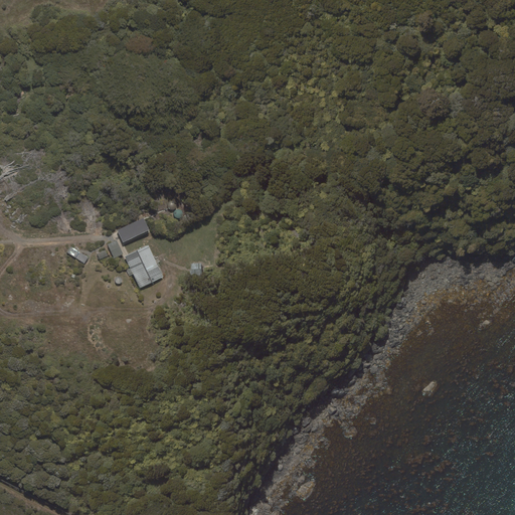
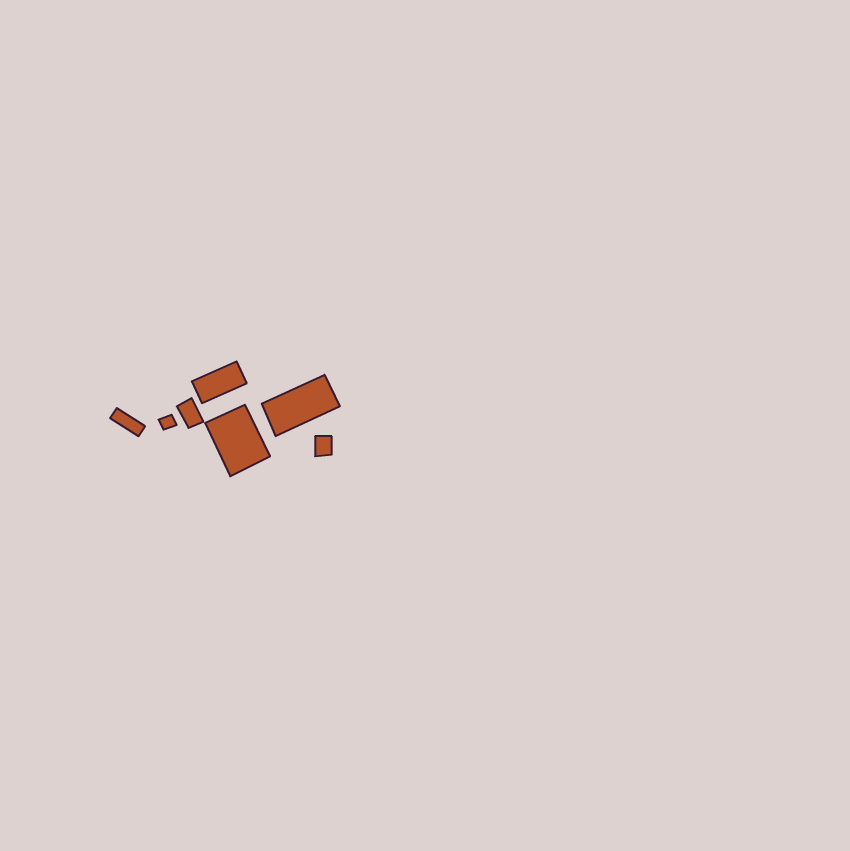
building: none -> [262,375,340,436]

